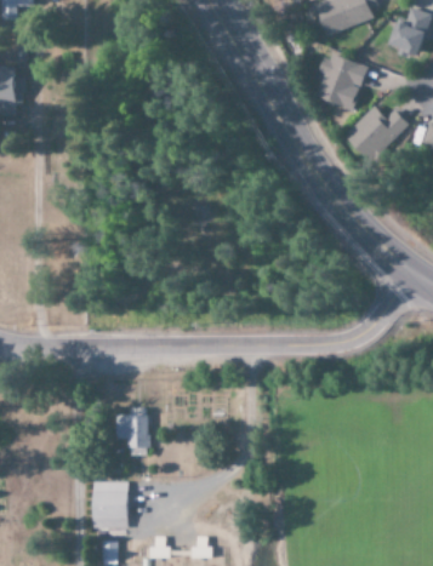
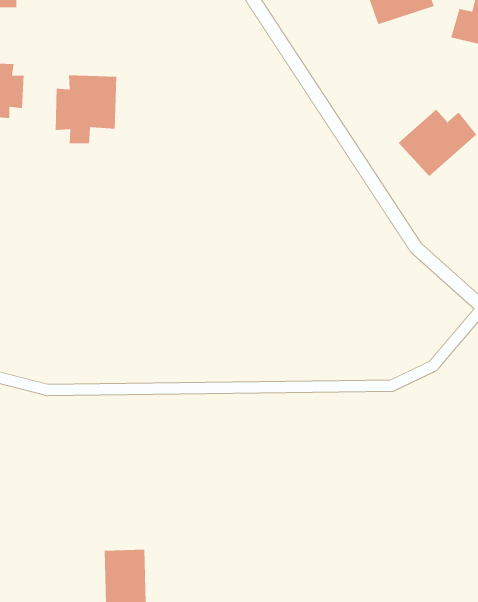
building: [317,52,369,109] -> none
building: none -> [55,75,117,144]
building: [116,407,148,456] -> none

